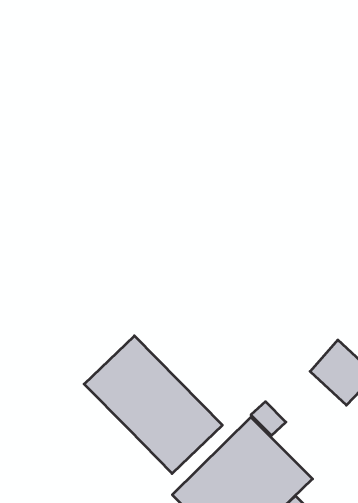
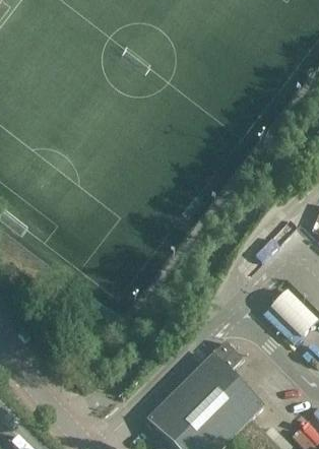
building: [84,336,222,474] -> none

